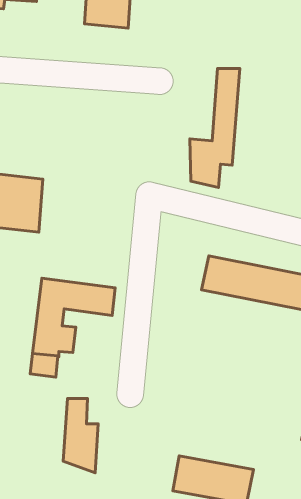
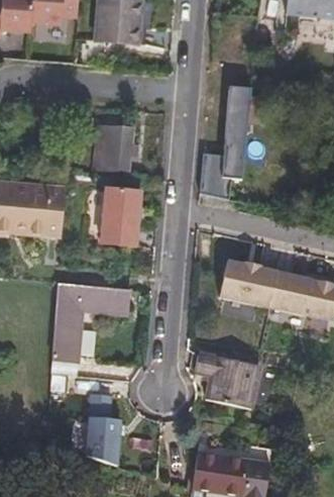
building: none -> [92,127,136,174]
building: none -> [100,191,138,246]
building: none -> [194,353,262,409]

